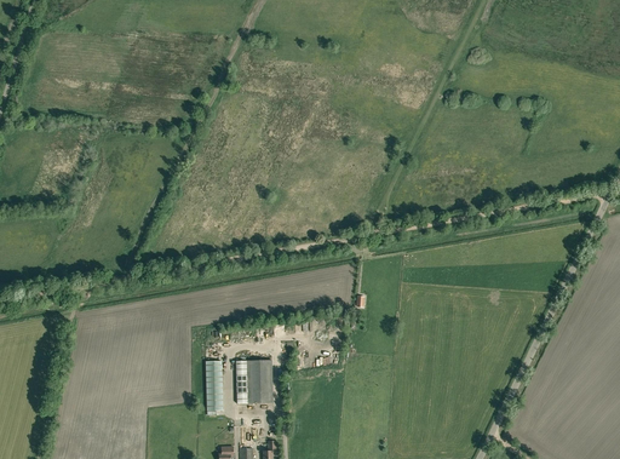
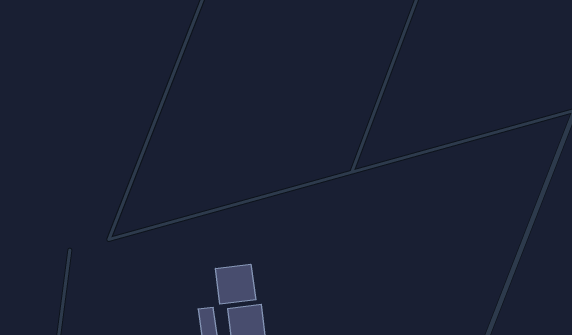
building: none -> [216,264,256,304]

